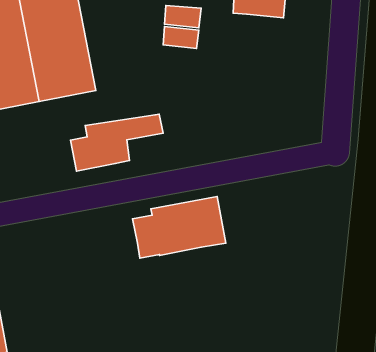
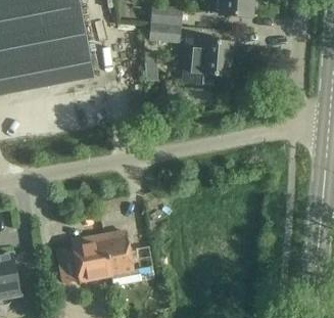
building: none -> [185,39,231,84]
building: [70,114,163,171] -> none
building: [132,197,226,258] -> [57,231,135,282]

